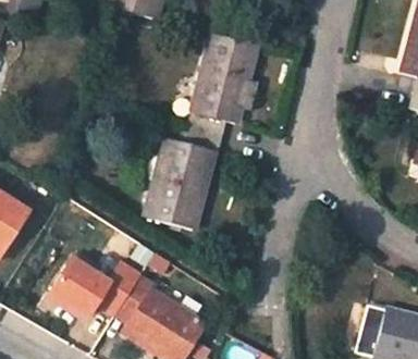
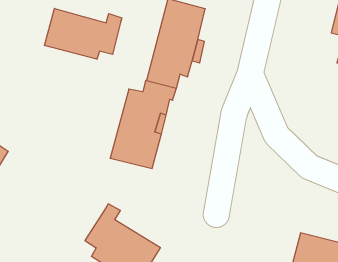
building: none -> [45,8,122,59]
building: [49,259,139,317] -> none

